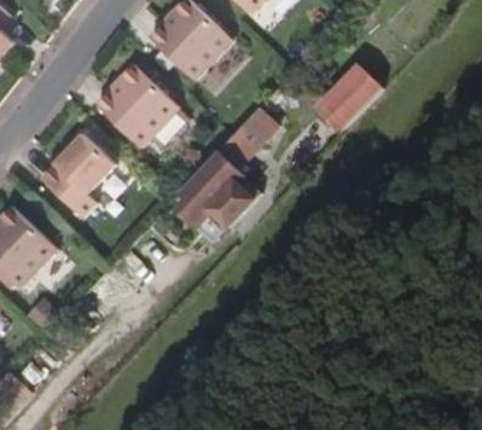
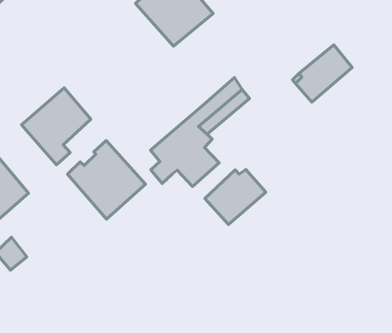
building: [94,64,178,147] -> [67,140,145,219]
building: none -> [205,169,266,225]

